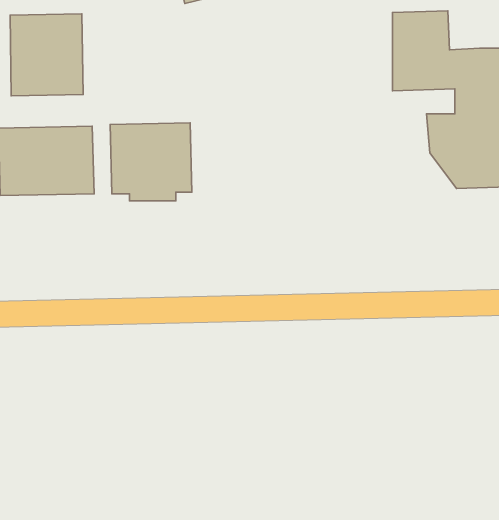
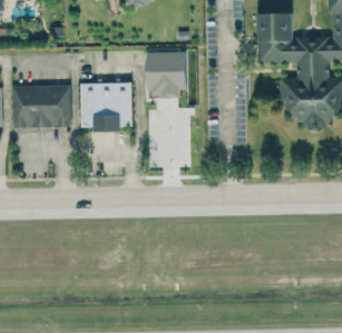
building: [10,14,83,96] -> none
building: none -> [146,51,186,98]

